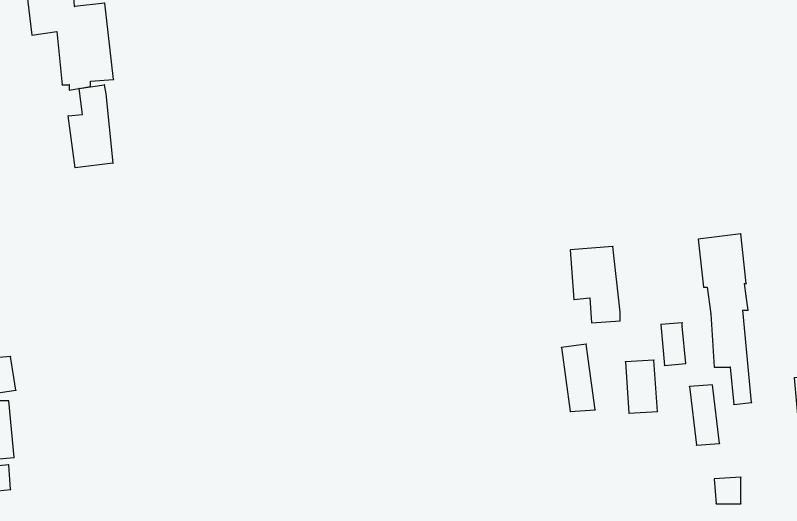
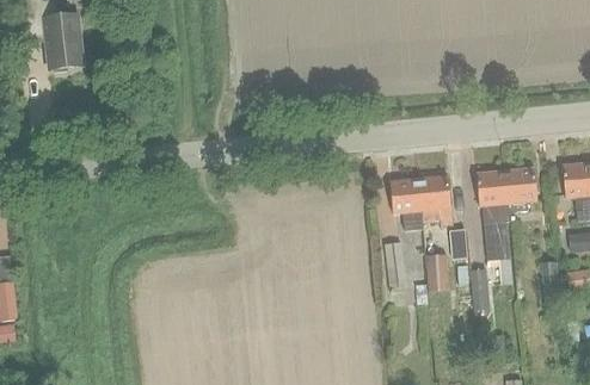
building: [68,85,113,168] -> none
building: none -> [504,166,536,210]
building: none -> [418,174,451,224]

